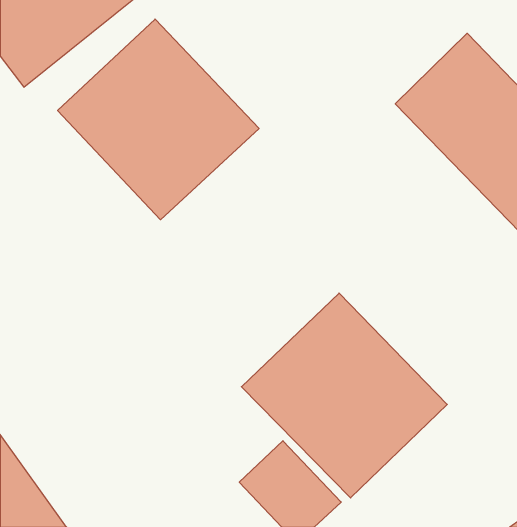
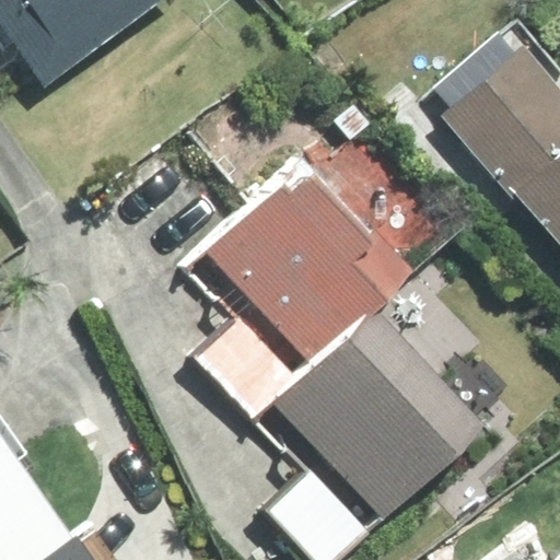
building: [58,19,259,220] -> none
building: none -> [225,149,404,393]

